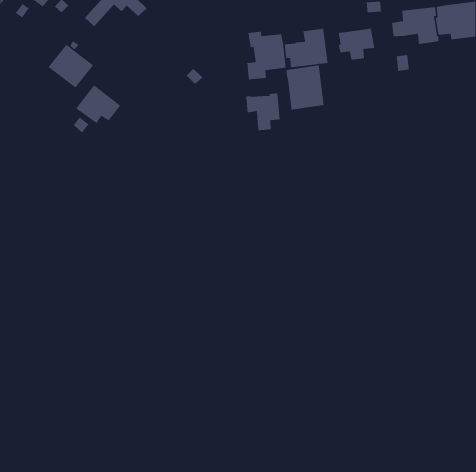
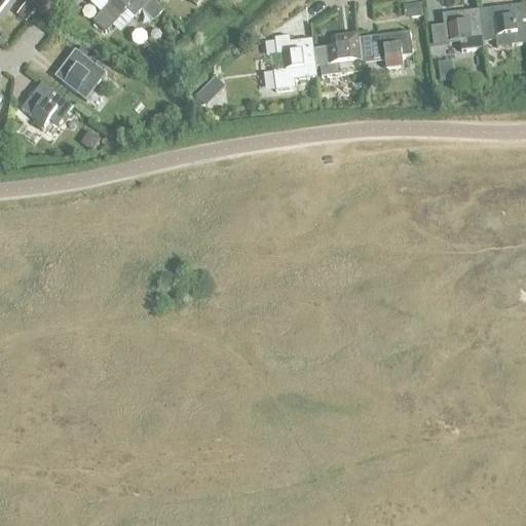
building: [286,65,325,110] -> none
building: [75,84,121,124] -> [21,80,71,124]
building: [245,92,281,131] -> none

